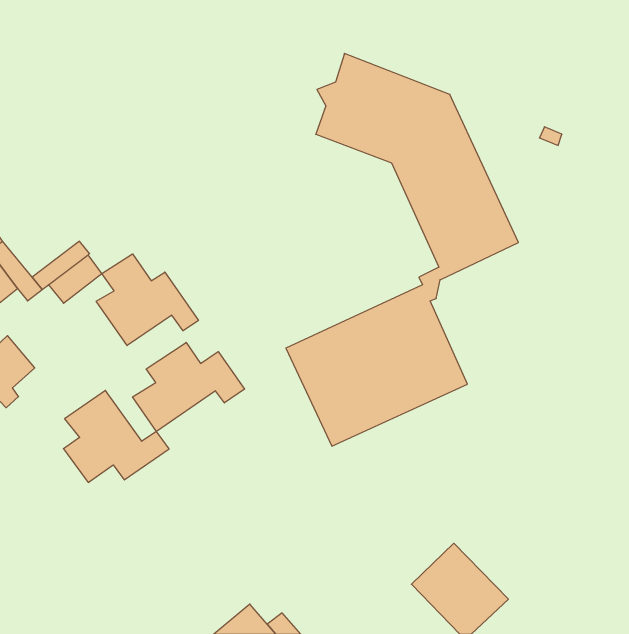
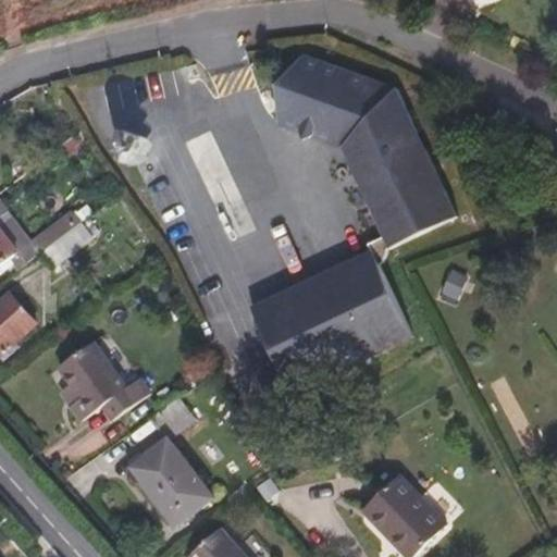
building: [96,254,198,346] -> none
building: [133,342,245,431] -> none
building: none -> [127,397,212,528]

